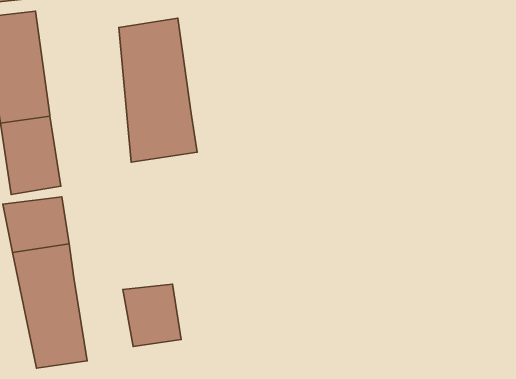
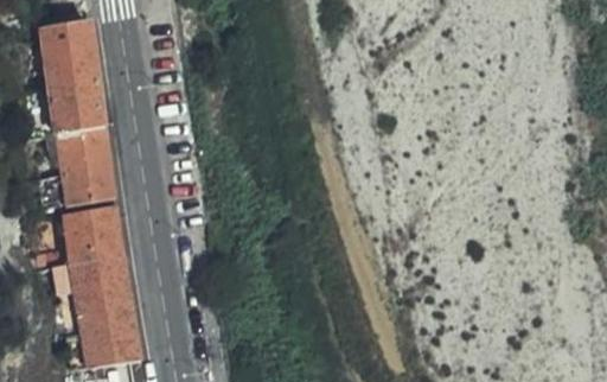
building: [119,18,197,162] -> none
building: [123,284,181,347] -> none

